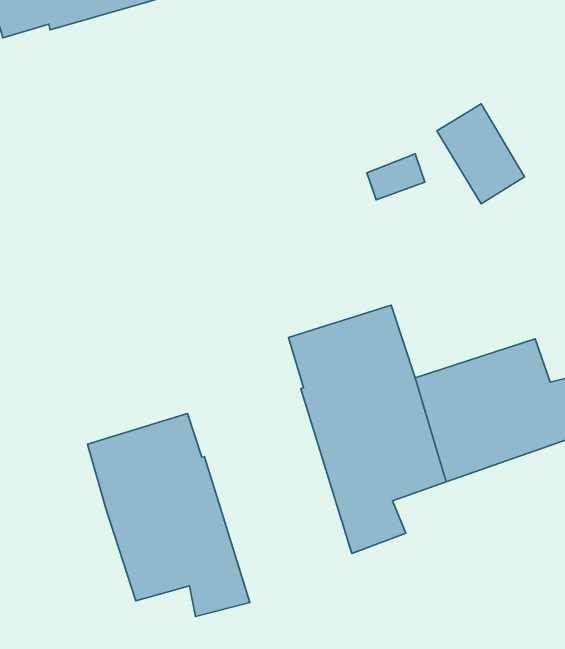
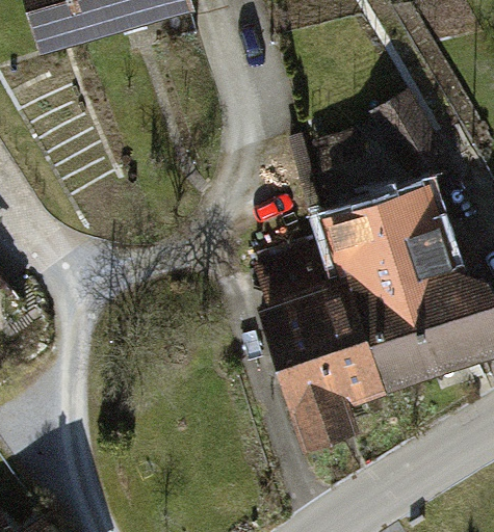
building: none -> [338,188,458,302]
building: [87,413,250,616] -> none

